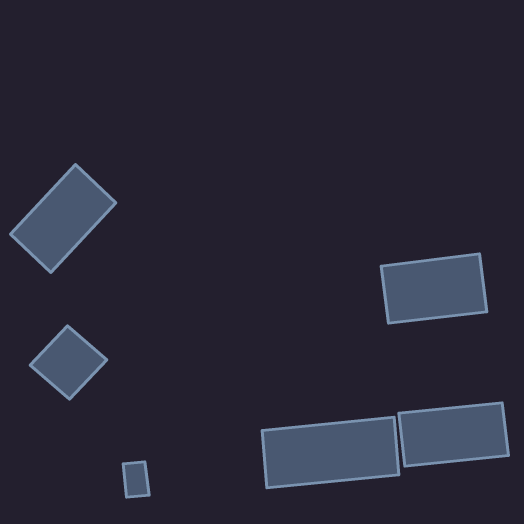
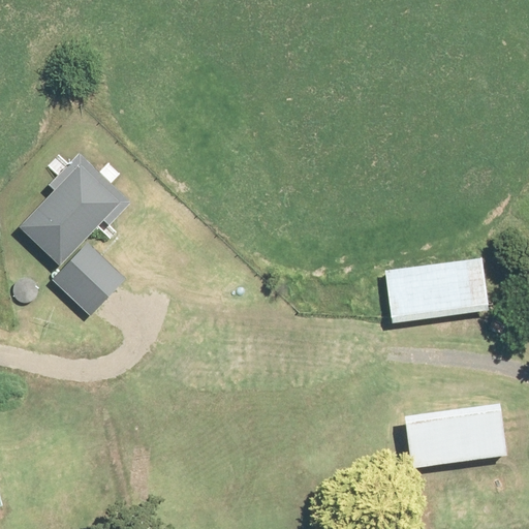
building: [30,326,107,399] -> [44,249,121,322]
building: [262,417,399,488] -> none

